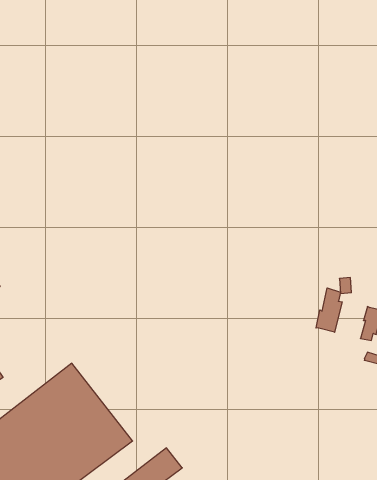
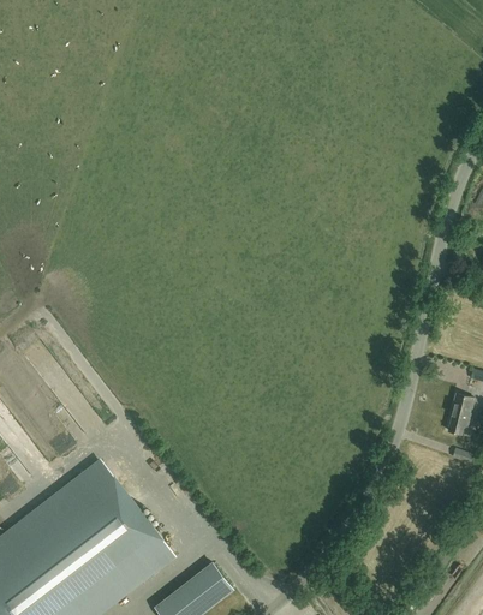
building: [316,288,342,332] -> none

